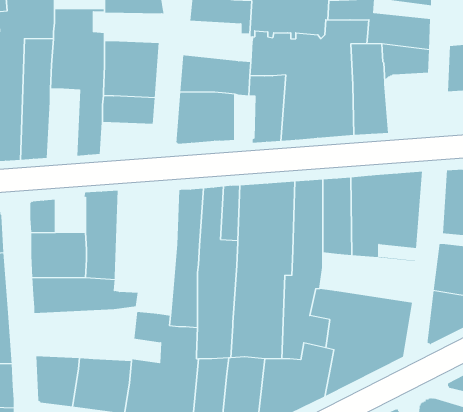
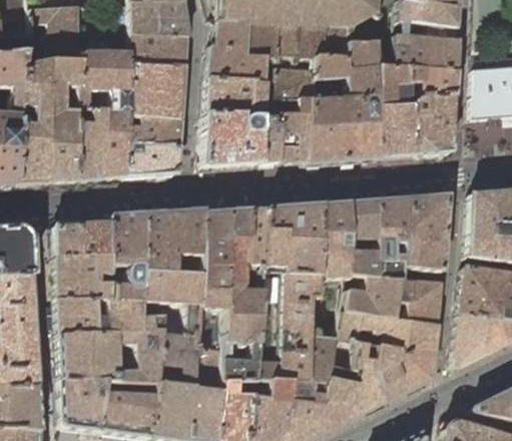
building: none -> [131,35,188,65]
building: none -> [209,43,280,84]
building: none -> [412,95,456,155]
building: none -> [74,111,106,180]
building: none -> [262,116,282,162]
building: none -> [127,144,180,176]
building: none -> [141,208,207,338]
building: none -> [82,219,112,255]
building: none -> [347,277,443,325]
building: none -> [60,329,163,383]

